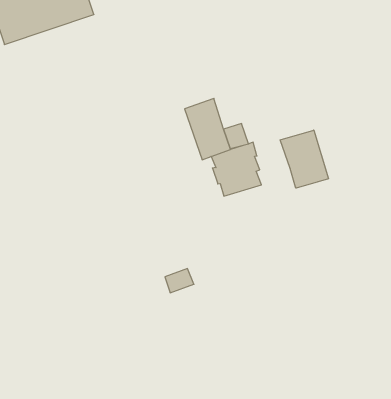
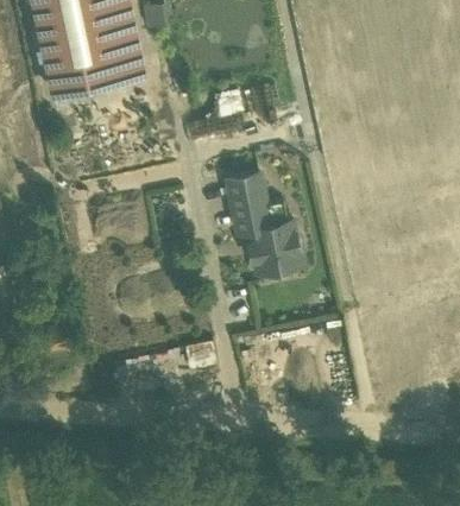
building: [280,130,328,188] -> none

